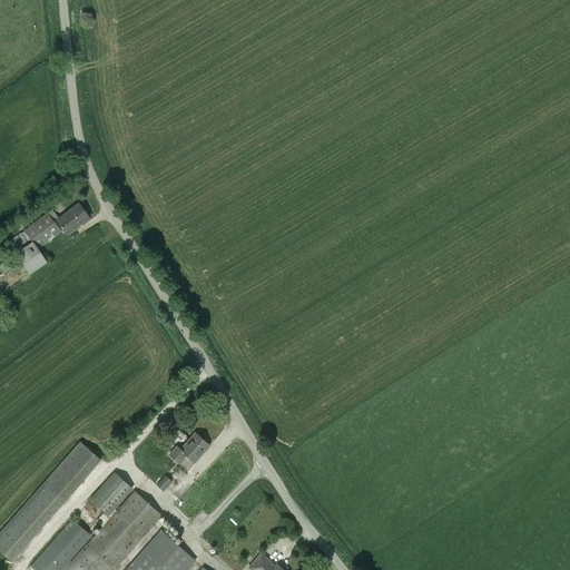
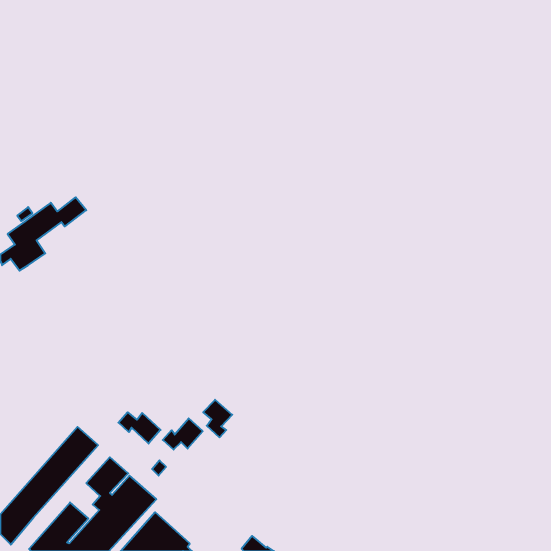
building: none -> [203,400,232,437]
building: none -> [118,412,161,444]

